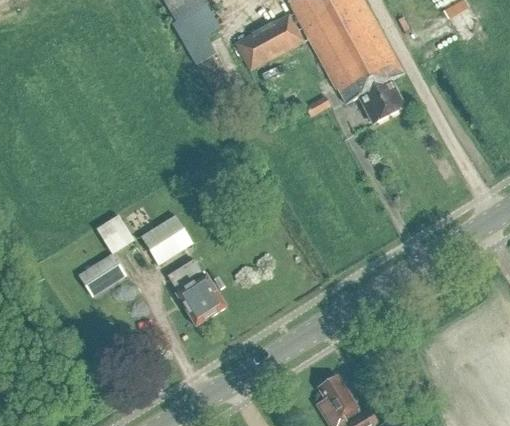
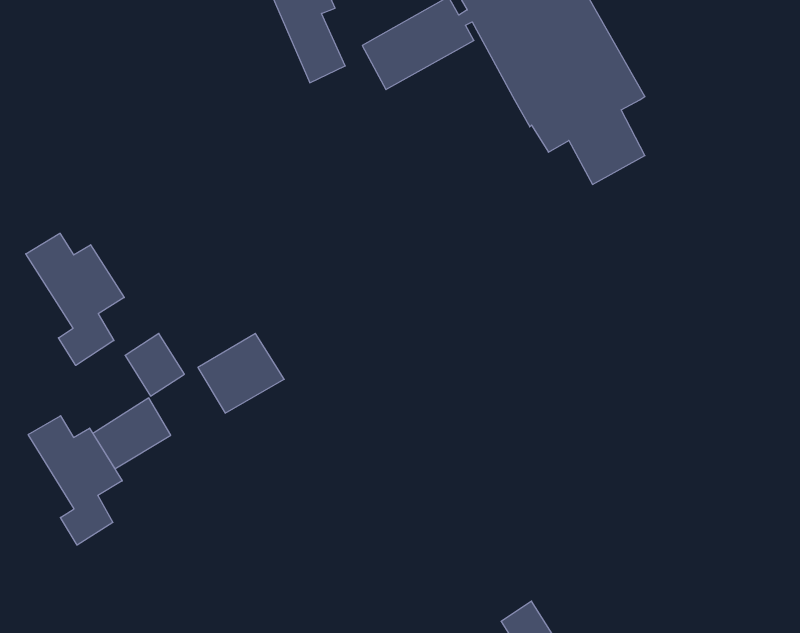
building: none -> [26,233,124,365]
building: [166,256,226,325] -> none
building: none -> [28,416,122,545]

